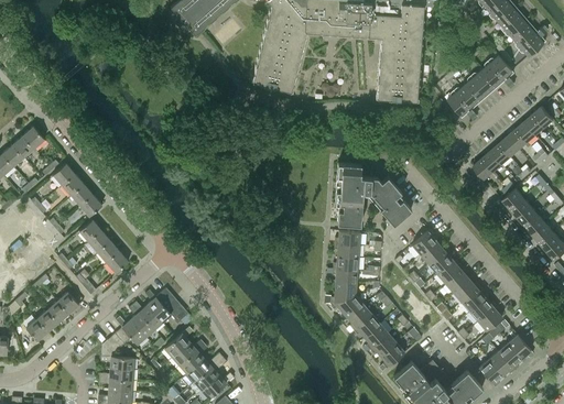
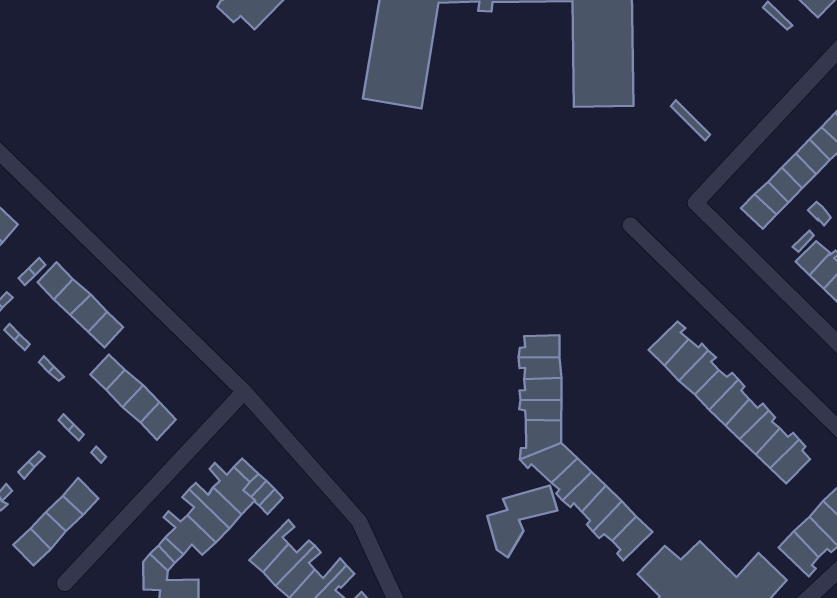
building: [446,55,514,120] -> none
building: [334,163,411,225] -> none
building: none -> [487,486,557,558]

